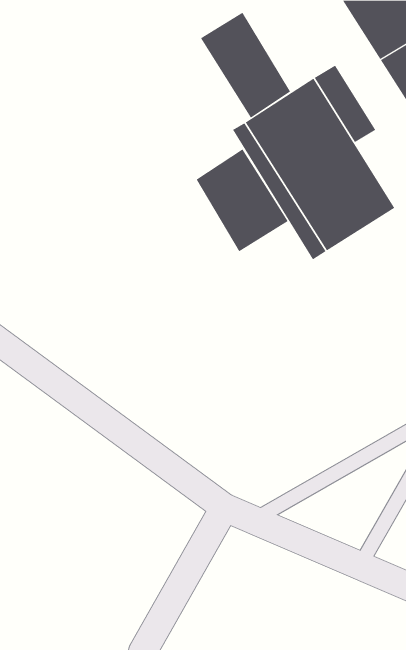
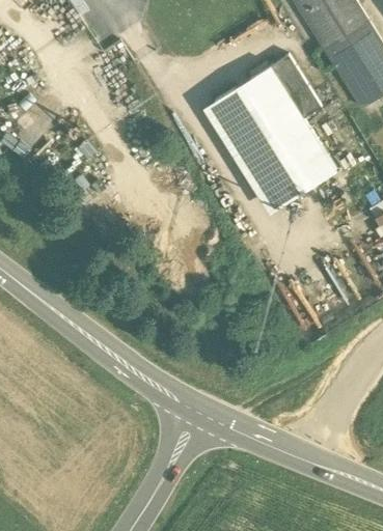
building: [200,12,291,118] -> none
building: [196,148,289,252] -> none

